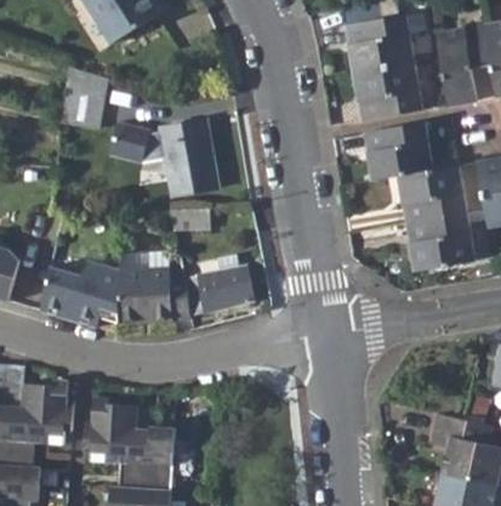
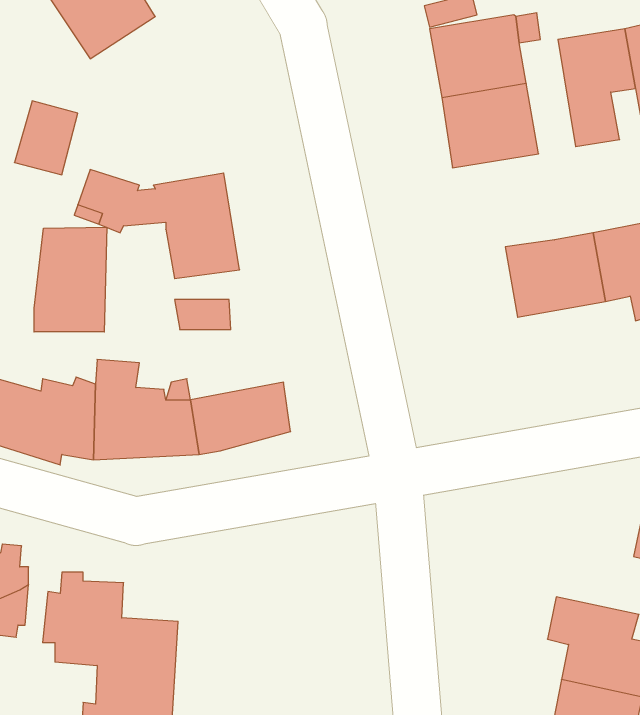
building: [365,121,434,180] -> none
building: none -> [34,227,107,332]
building: [409,212,478,273] -> none

